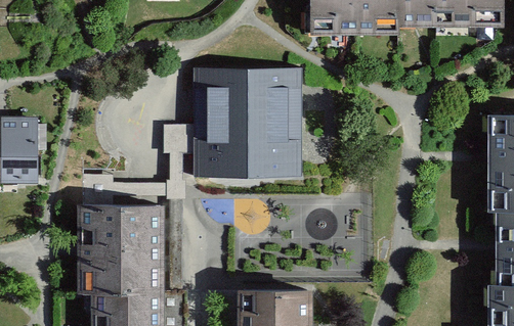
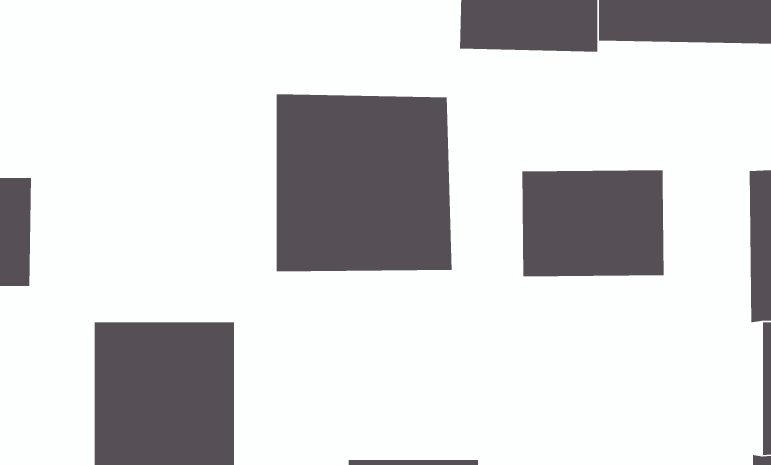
building: none -> [521,169,664,277]

